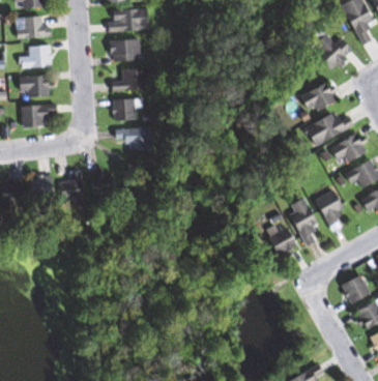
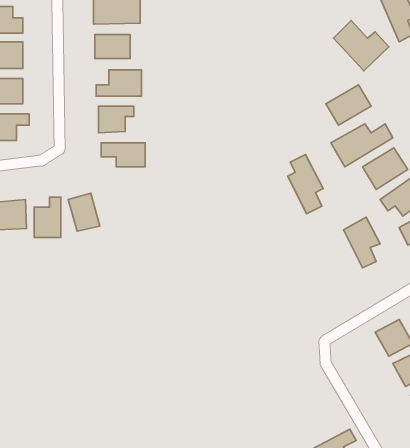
building: [290,197,319,245] -> [288,155,323,214]
building: [264,225,297,256] -> none

